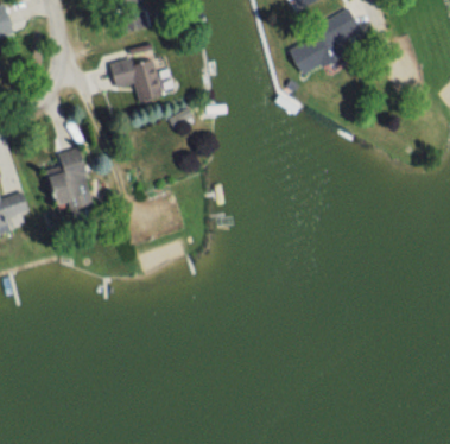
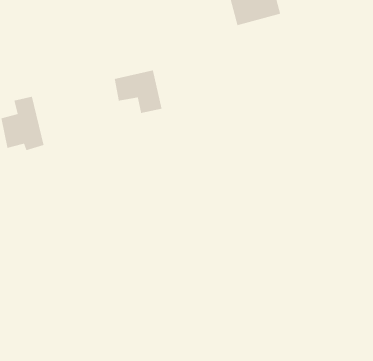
building: [109,53,161,101] -> [114,70,162,114]

